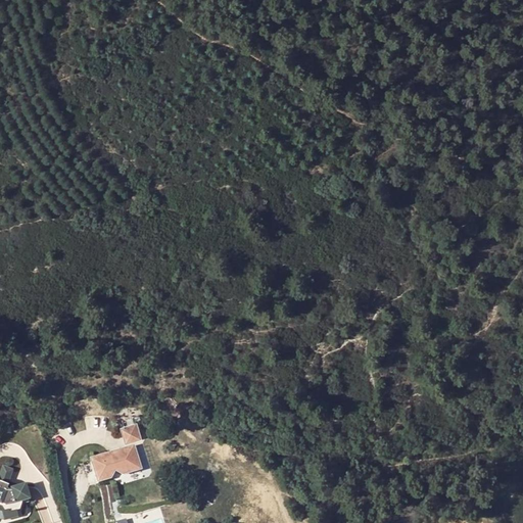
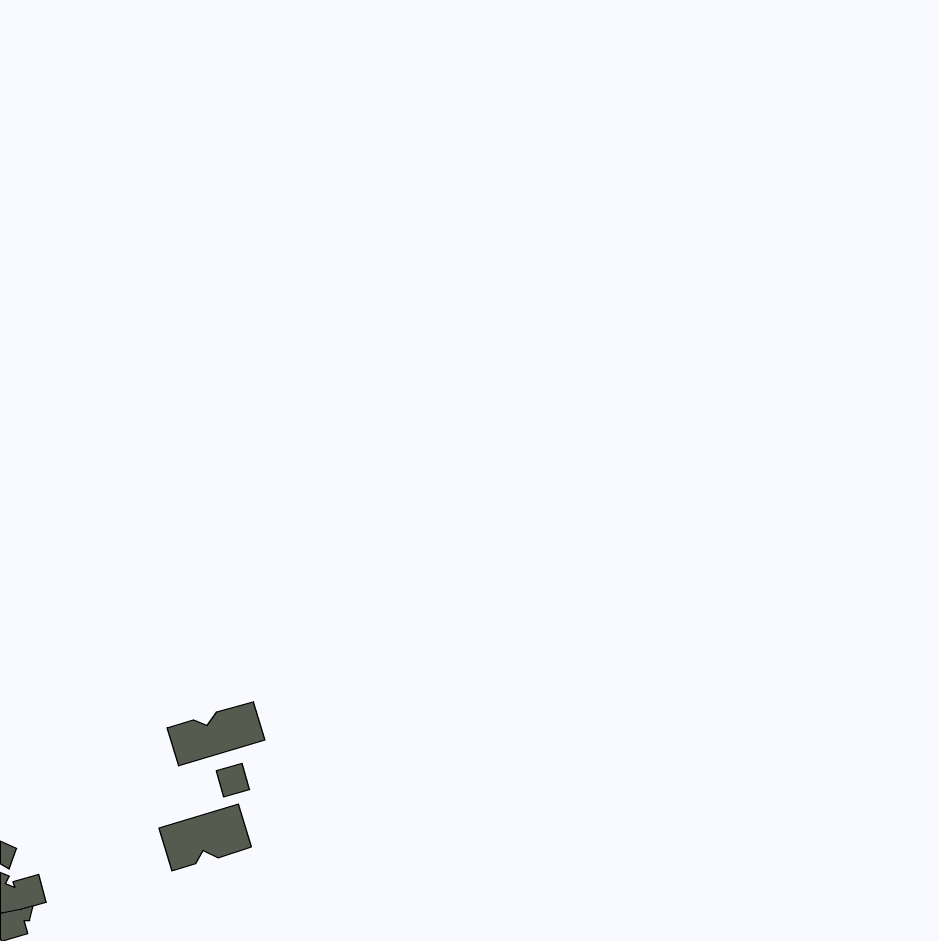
building: none -> [167,702,265,766]

